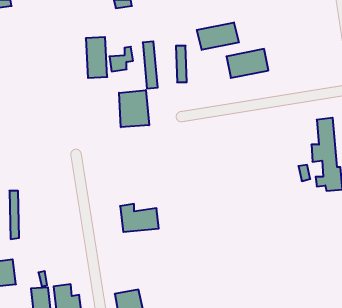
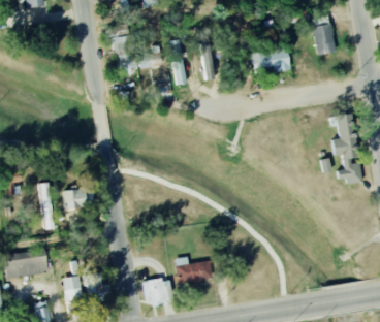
building: none -> [311,17,334,55]
building: [197,22,239,50] -> none
building: [119,90,149,127] -> none
building: none -> [63,190,93,208]
building: [120,204,159,232] -> [175,257,212,284]

